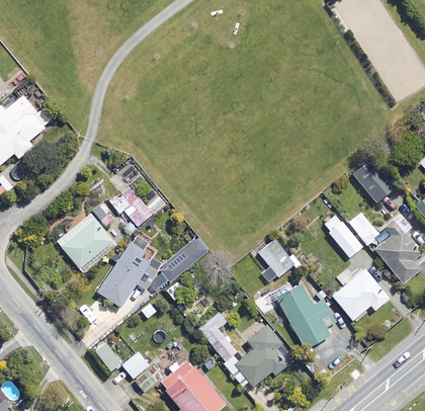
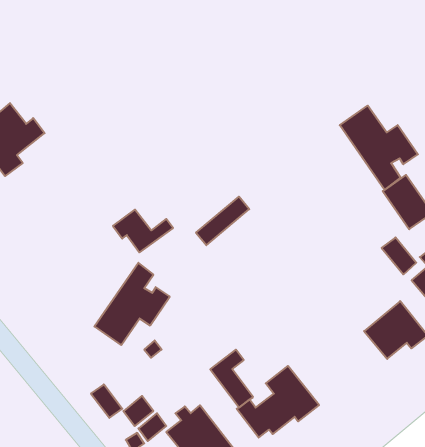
building: none -> [340,106,418,190]
building: [58,207,125,272] -> none
building: [323,215,362,257] -> none
building: [161,239,207,281] -> [196,197,249,245]
building: [260,241,299,276] -> none
building: [277,284,336,348] -> none

